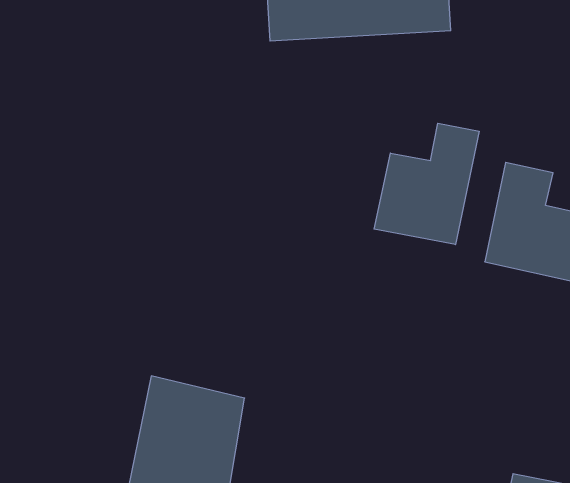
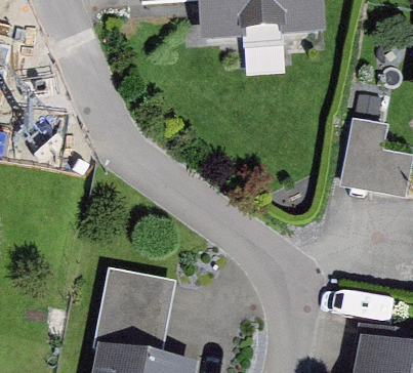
building: [374,123,479,245] -> none

